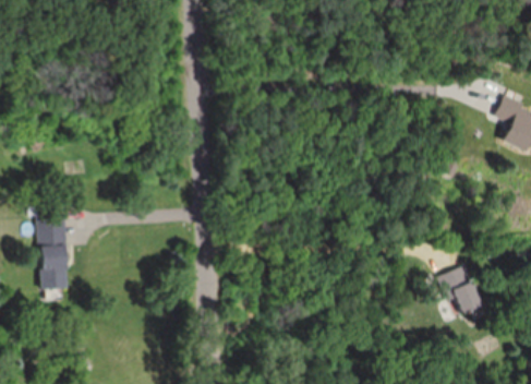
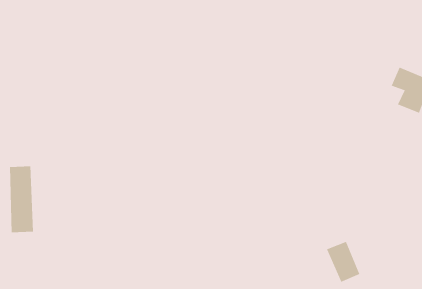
building: [441,266,481,315] -> [326,241,360,282]

